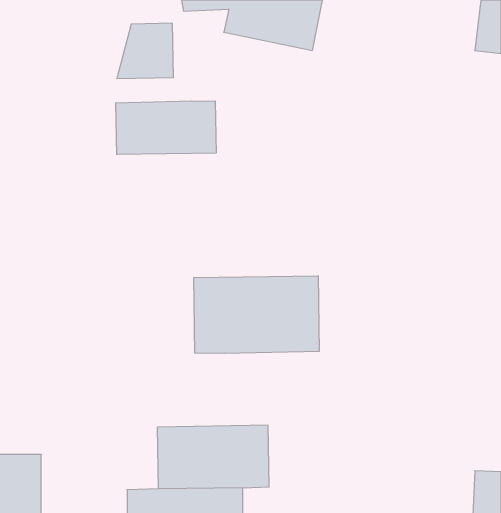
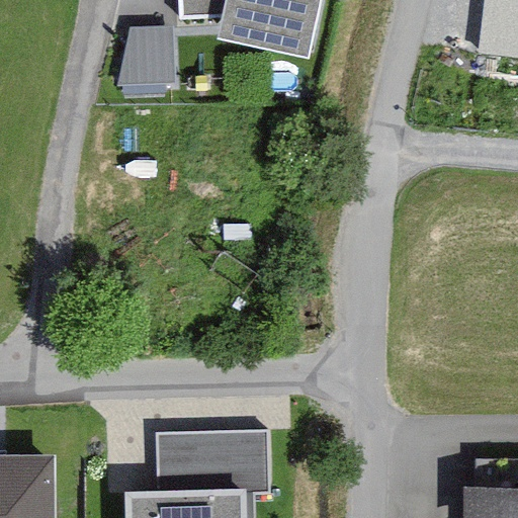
building: [116,101,216,155] -> none
building: [194,276,319,353] -> none

